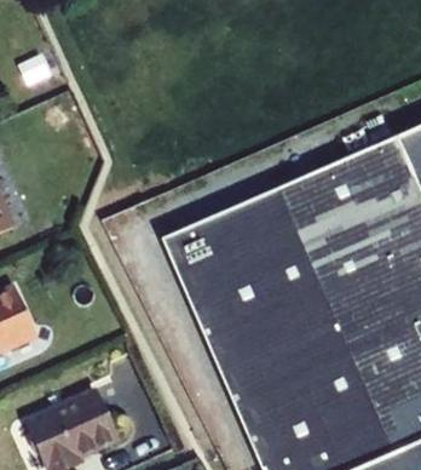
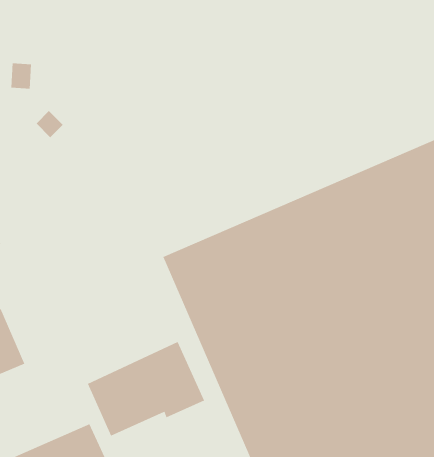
building: none -> [87,341,205,437]

